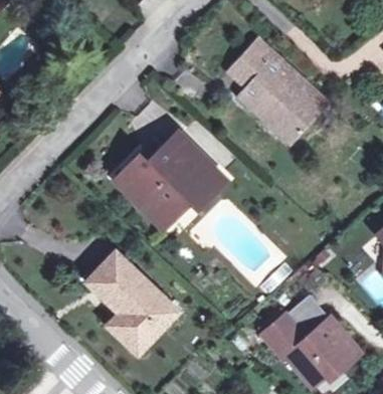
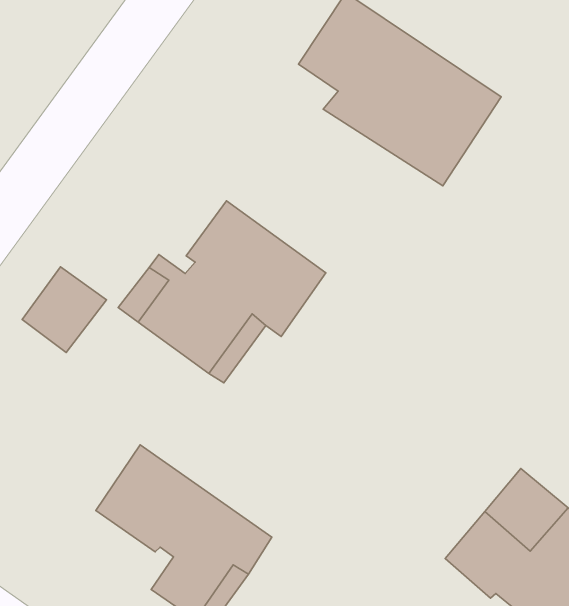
building: none -> [22,267,106,353]

